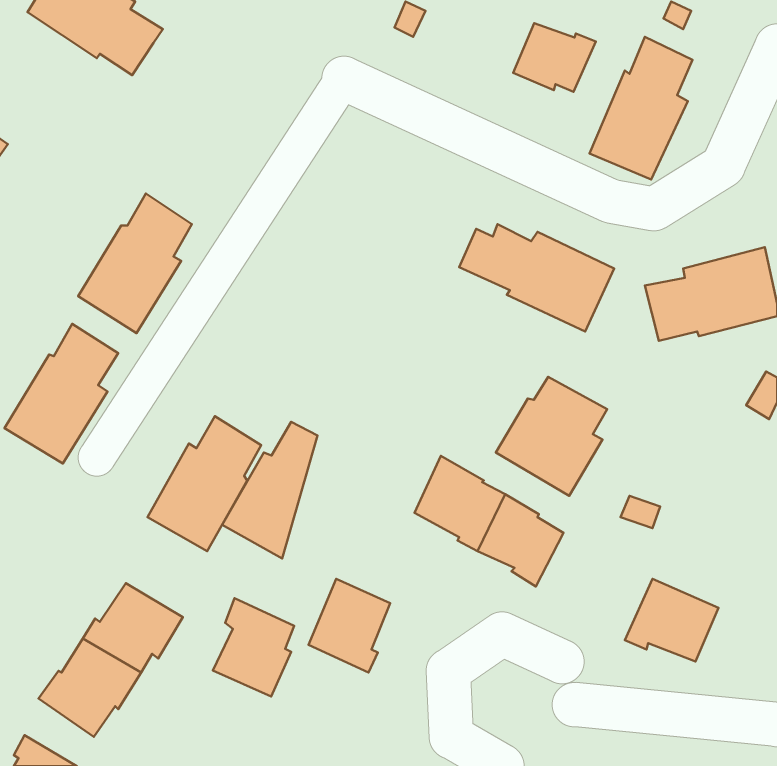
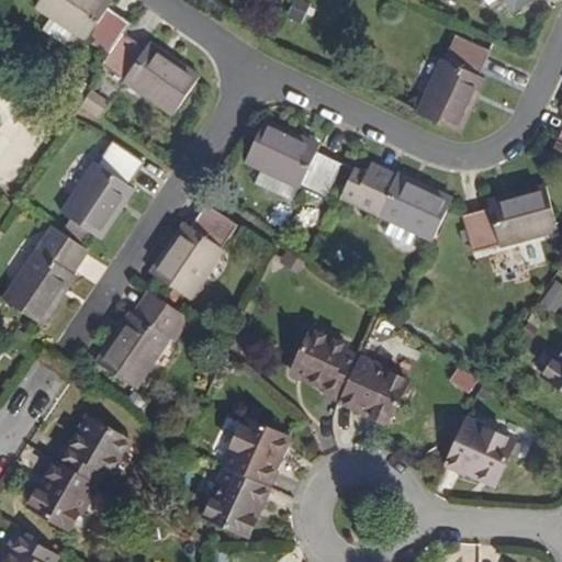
building: [513,23,596,92] -> none
building: none -> [89,31,189,113]
building: none -> [229,117,328,192]
building: [496,377,607,496] -> none
building: [222,422,317,558] -> [153,203,221,301]
building: [213,598,294,696] -> [205,461,263,531]

